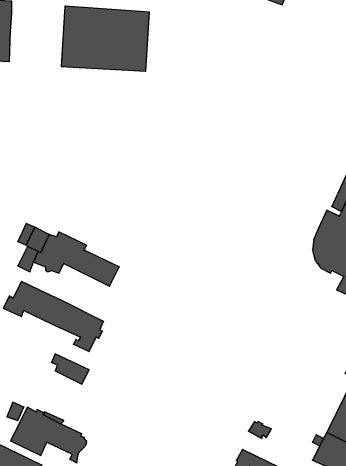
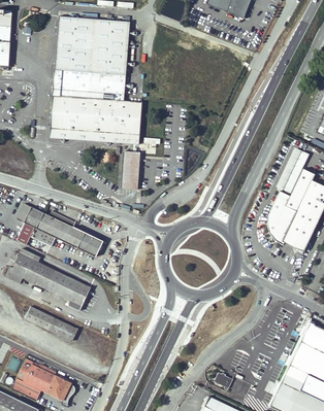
building: none -> [50,69,141,144]
building: none -> [121,148,138,187]

